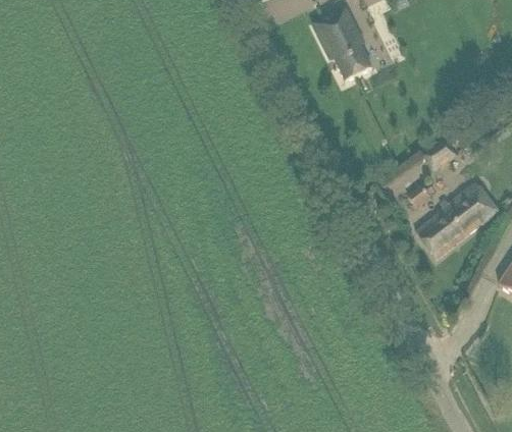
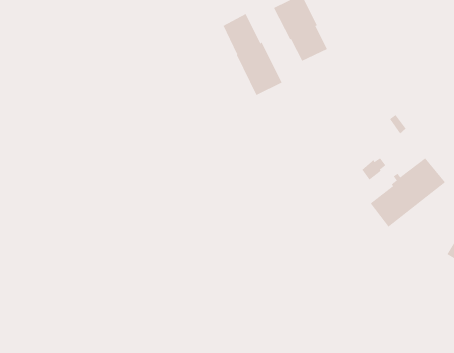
building: none -> [223,13,282,96]

